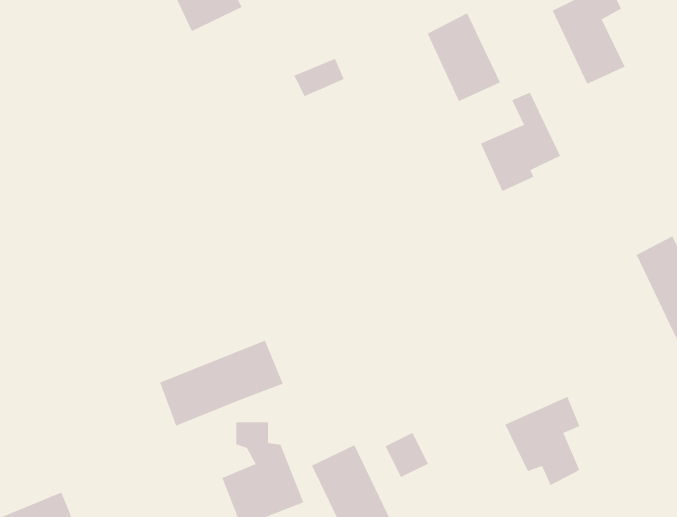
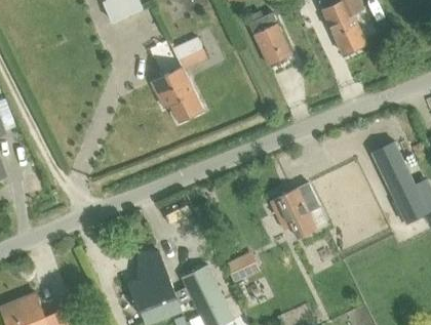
building: [480,92,561,192] -> none
building: none -> [154,68,205,120]
building: [160,340,284,427] -> none
building: [505,396,580,486] -> [273,186,317,238]

